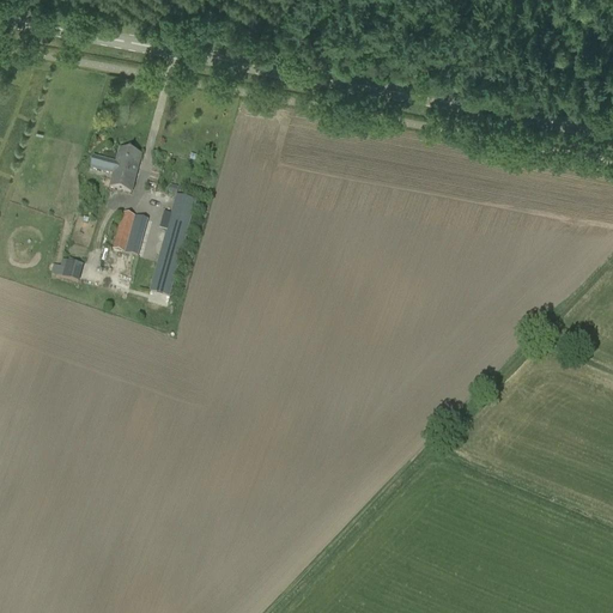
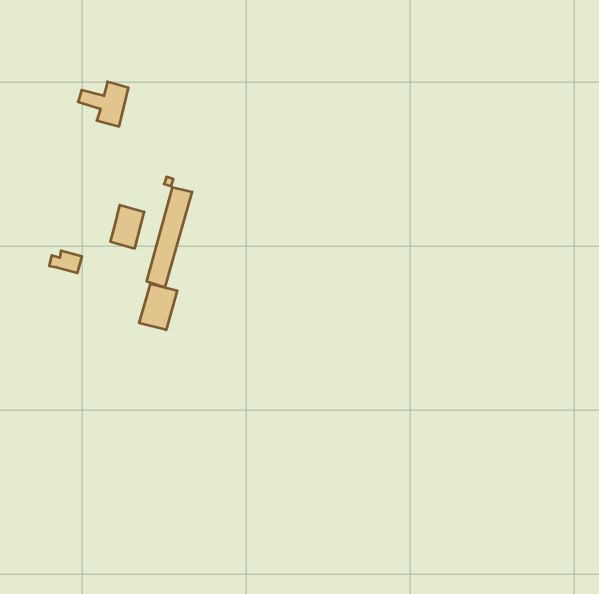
building: [90,145,141,190] -> [78,82,128,126]
building: none -> [139,284,177,330]

